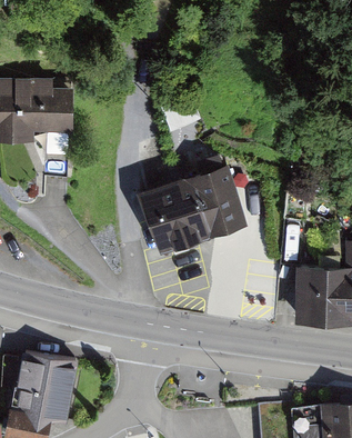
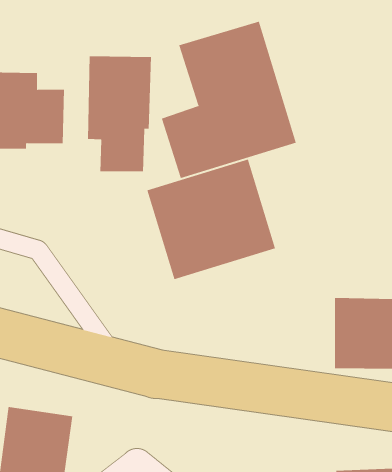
building: none -> [161,21,296,179]
building: none -> [88,55,151,172]

